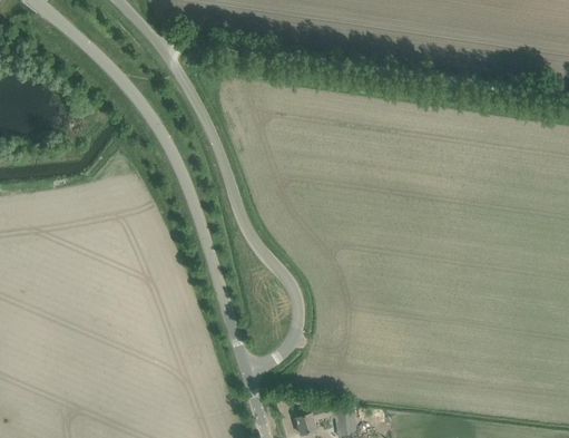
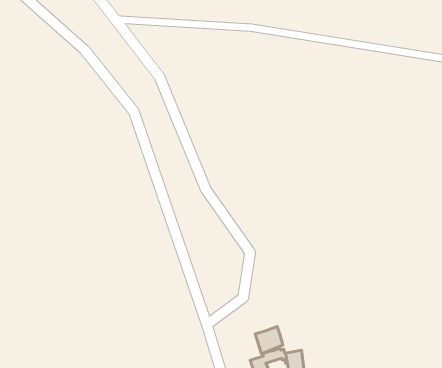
building: none -> [255,326,283,354]

